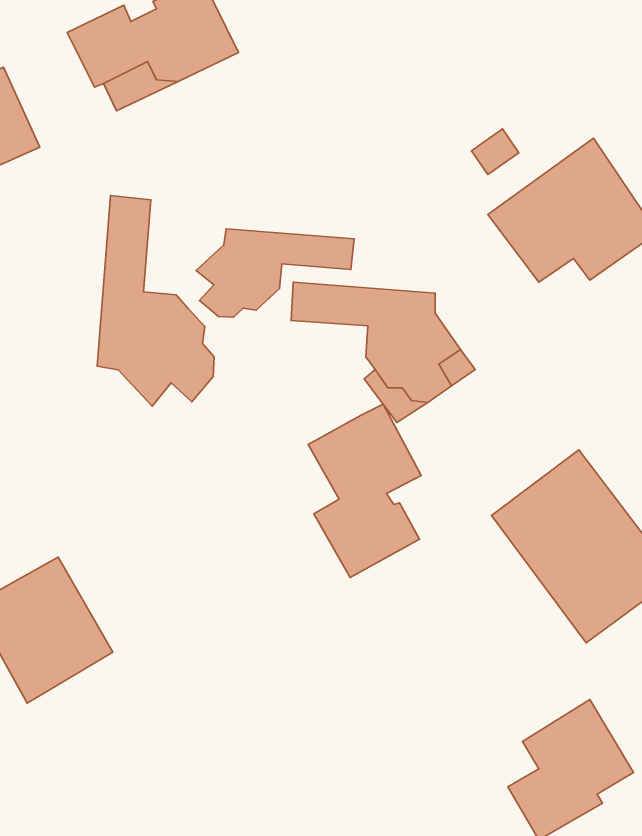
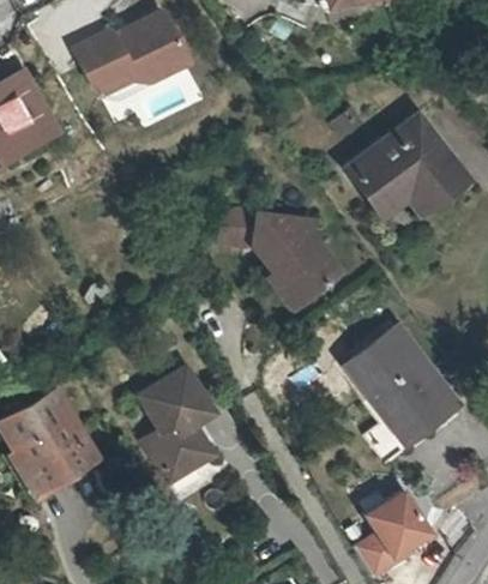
building: [97,195,214,406] -> none
building: [196,229,354,317] -> none
building: [308,404,421,577] -> [133,371,207,484]

